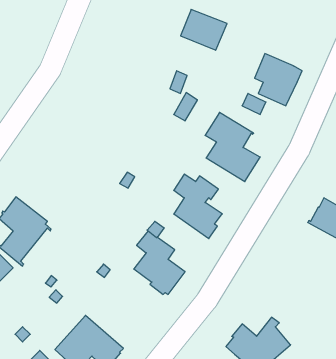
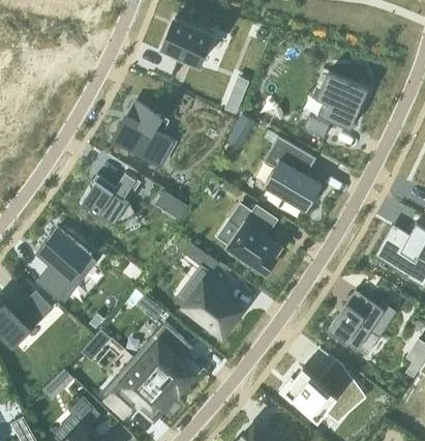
building: [181,9,227,50] -> [162,20,213,64]
building: none -> [114,102,170,164]
building: none -> [79,173,136,228]
building: none -> [328,301,395,351]
building: none -> [132,323,193,394]

